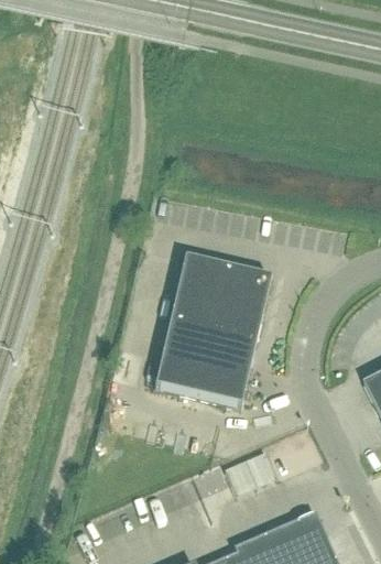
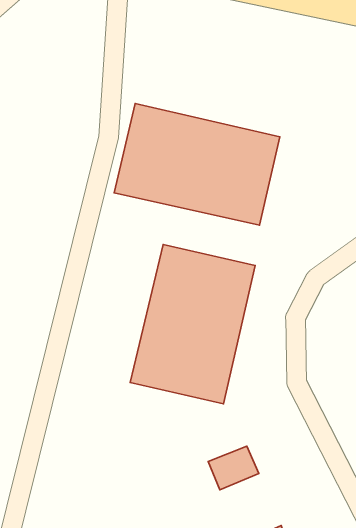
building: none -> [114,104,280,225]

